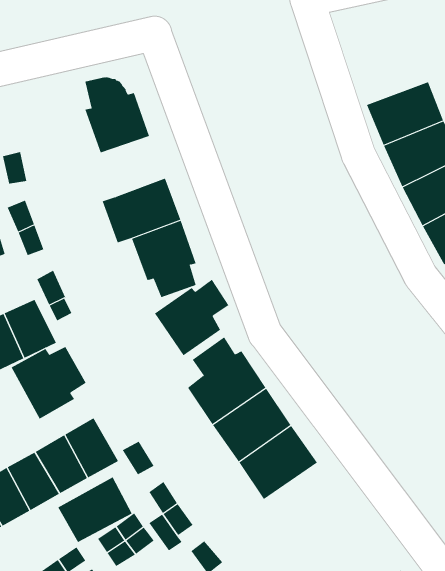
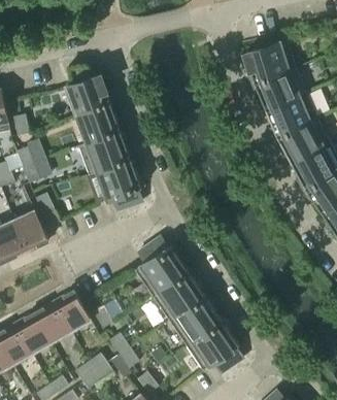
building: none -> [245,40,296,82]
building: none -> [78,103,122,143]
building: [154,279,229,356] -> none
building: [11,346,87,419] -> none
building: none -> [187,320,243,373]
building: [58,477,133,543] -> none

